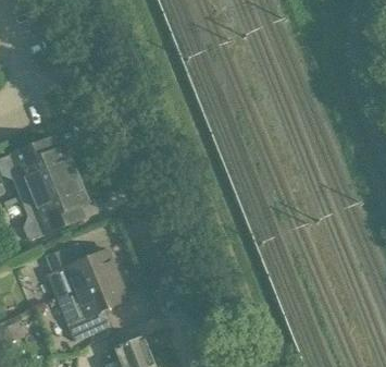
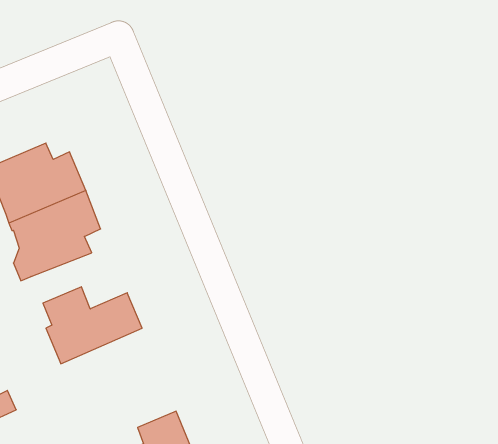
building: [58,276,127,341] -> none

